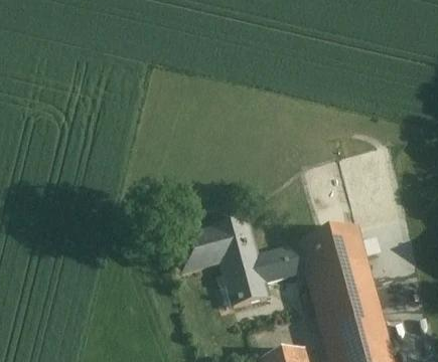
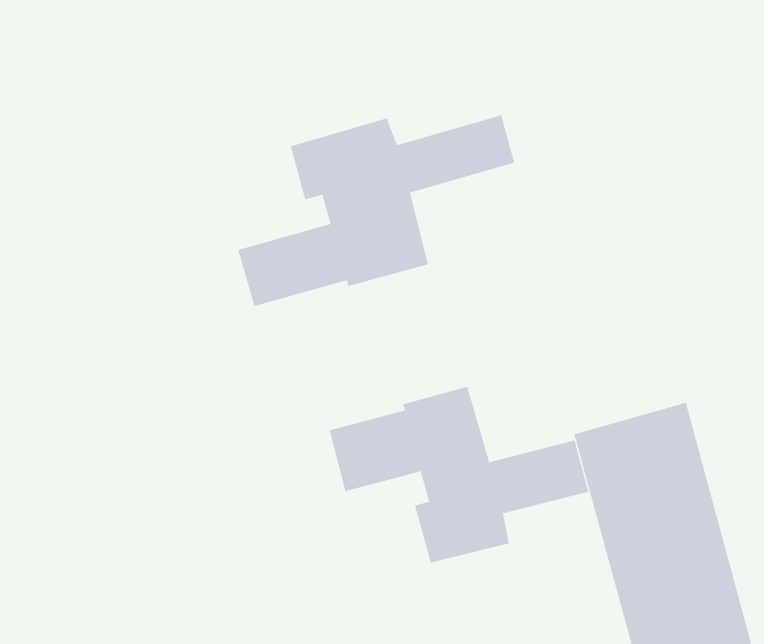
building: none -> [237,115,515,307]

